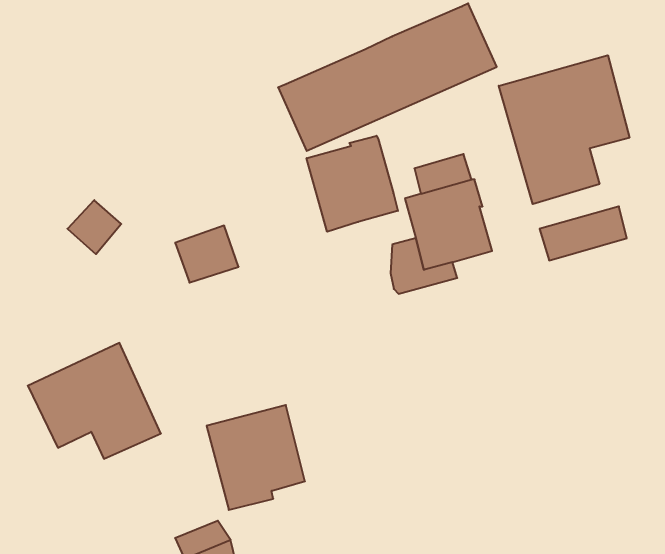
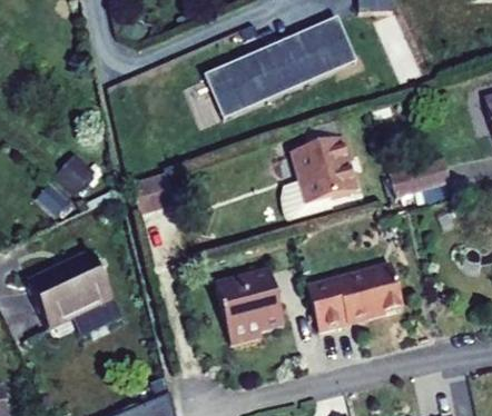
building: [499,55,629,204] -> none
building: [307,136,398,232] -> none
building: none -> [307,265,403,330]
building: [207,405,305,510] -> [215,270,284,344]

